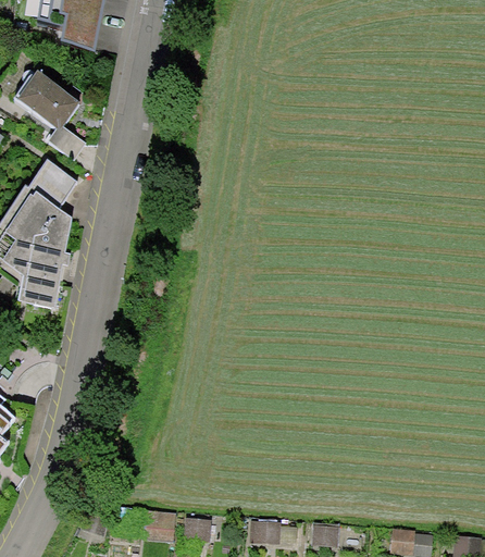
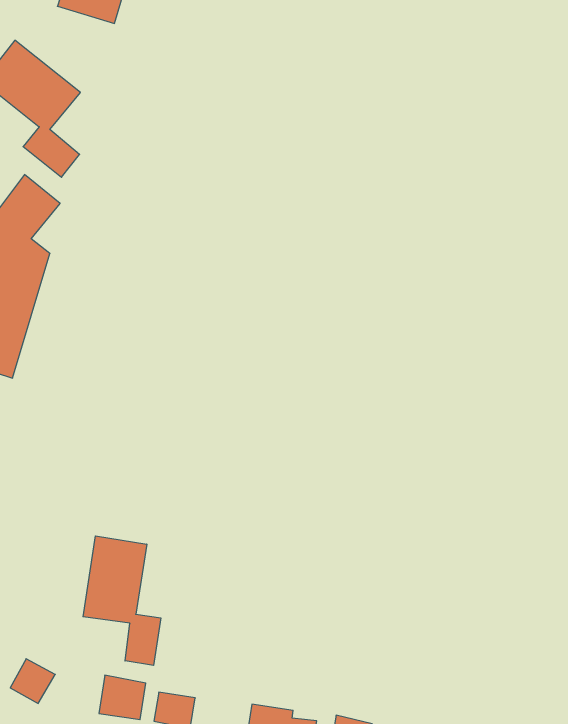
building: none -> [83,536,161,665]

